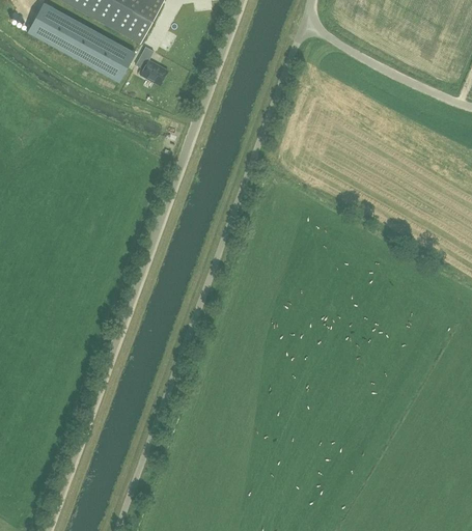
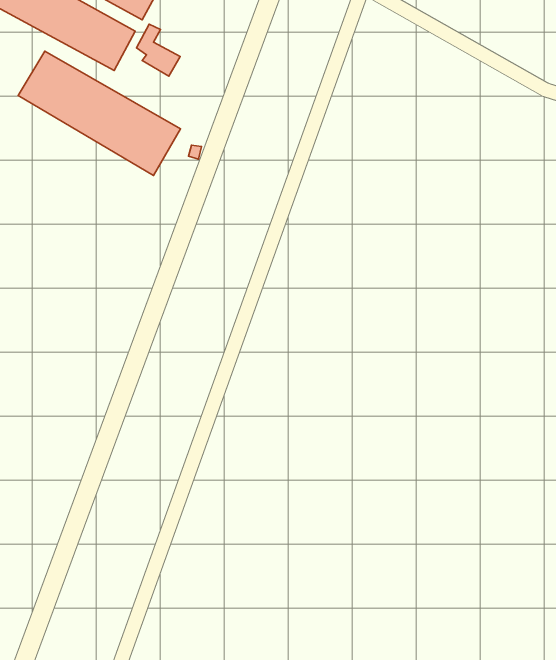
building: none -> [18,51,180,176]

